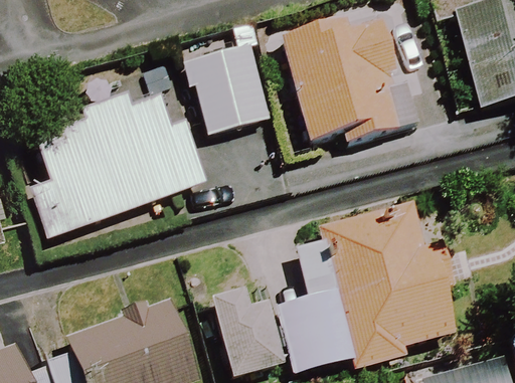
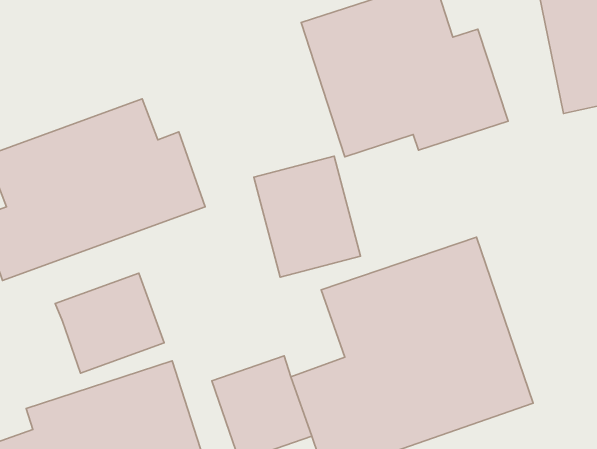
building: [188,42,270,135] -> [254,156,361,277]
building: none -> [55,273,164,373]

